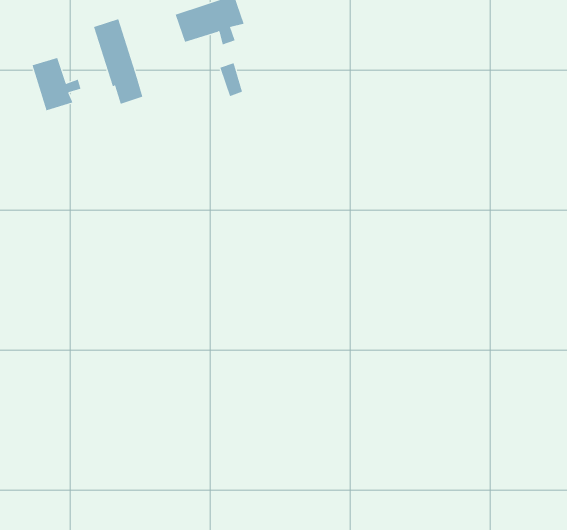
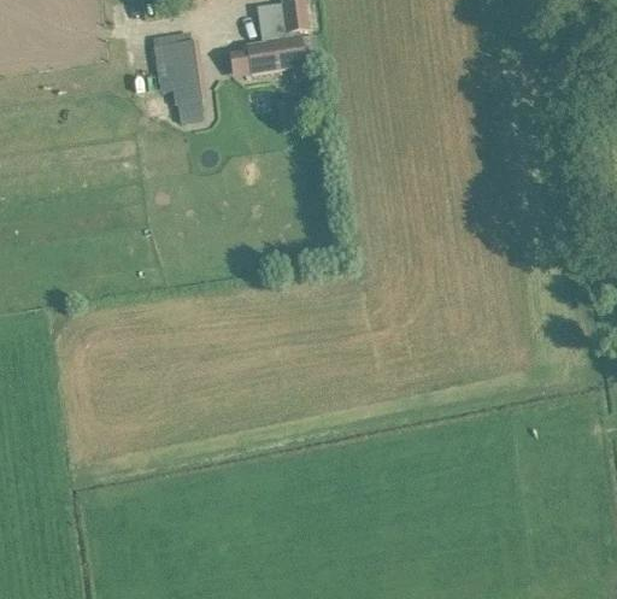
building: [32,57,81,111] -> none

